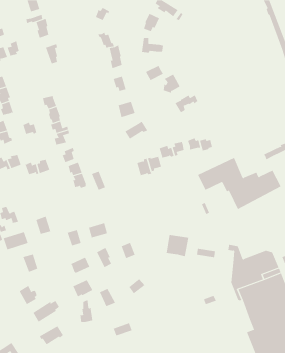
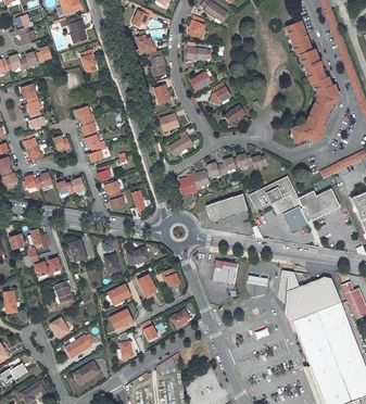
building: none -> [287,21,339,143]
building: none -> [204,193,247,220]

